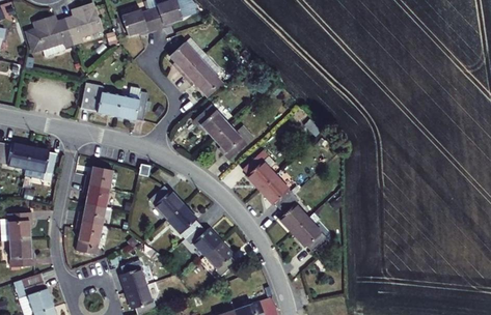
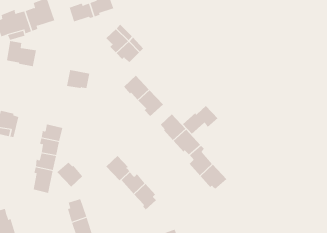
building: [84,83,124,117] -> [6,40,37,67]
building: none -> [182,105,218,134]
building: [152,188,186,221] -> [57,162,83,187]

